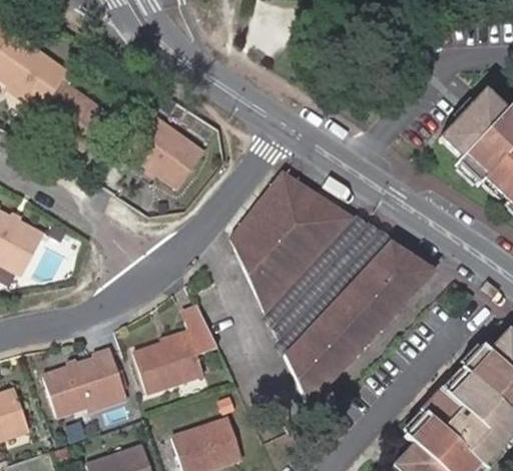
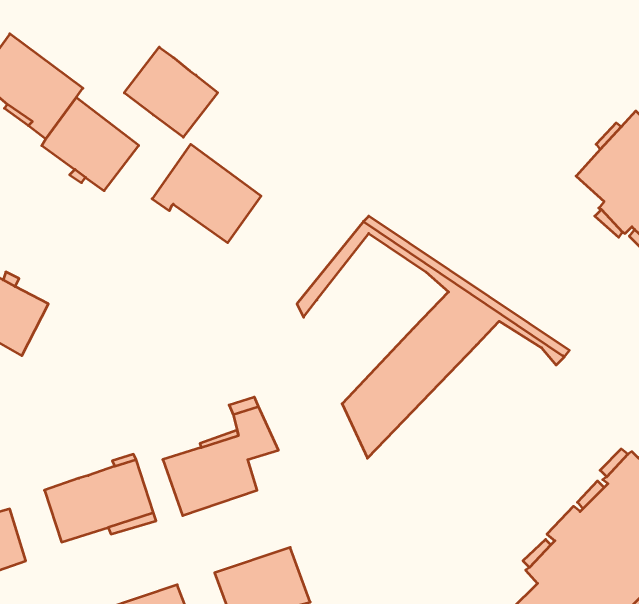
building: none -> [124,47,218,137]
building: [236,182,346,311] -> none
building: [285,249,427,405] -> none

